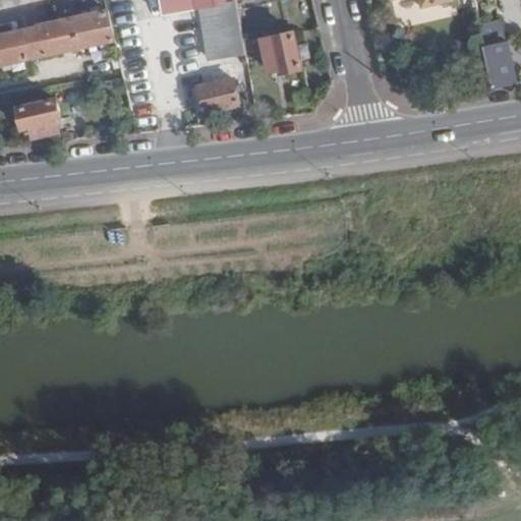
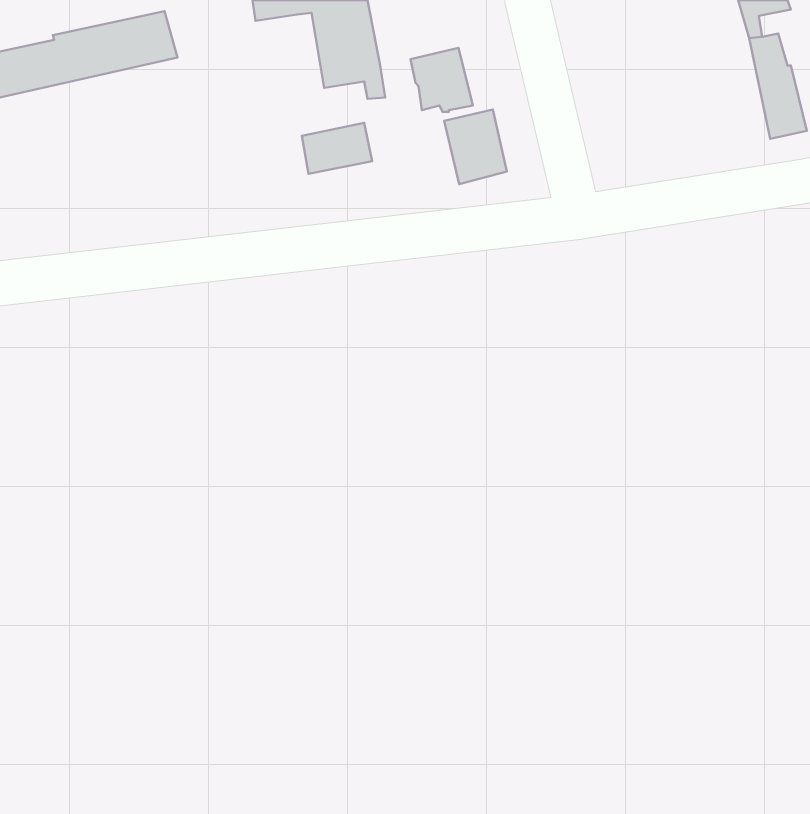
building: none -> [444,110,507,184]
building: [17,100,58,136] -> none

